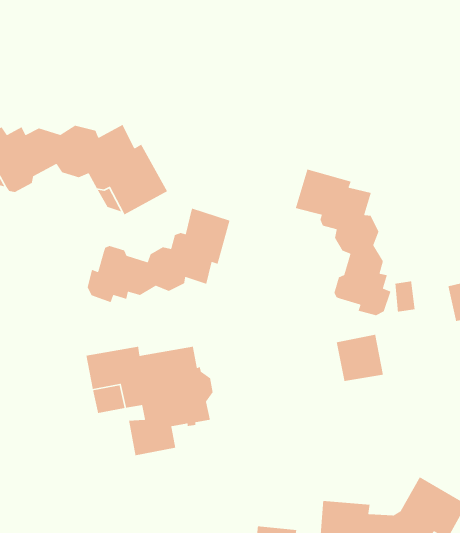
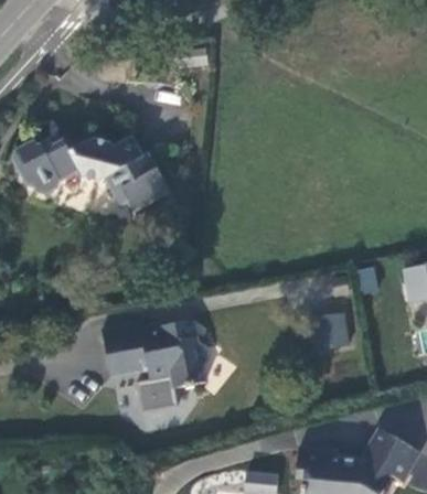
building: [295,168,392,316] -> none
building: [87,207,230,303] -> none

